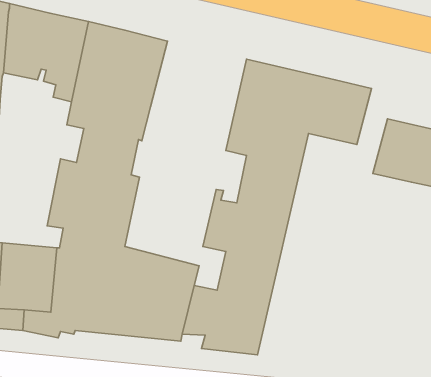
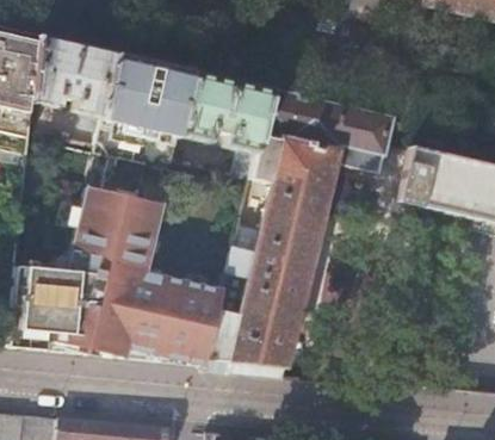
building: none -> [178,70,272,180]

